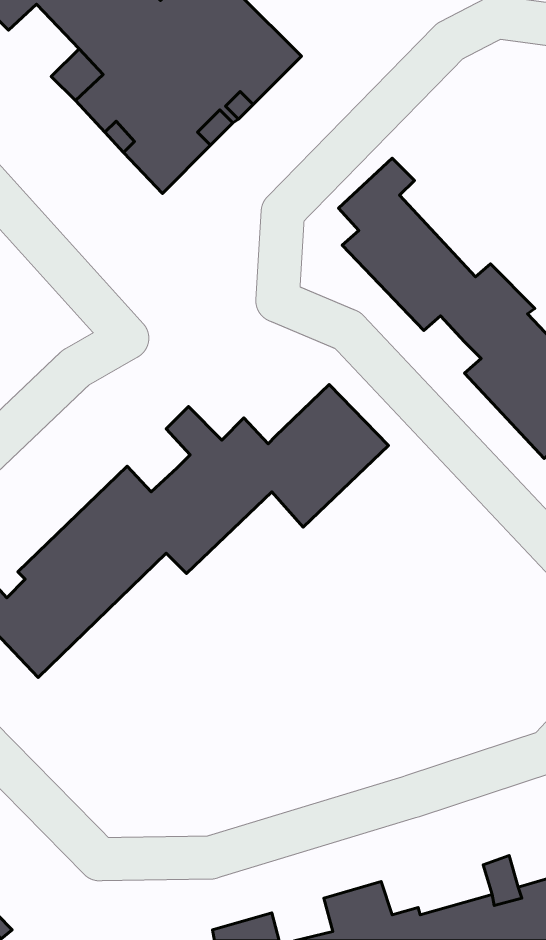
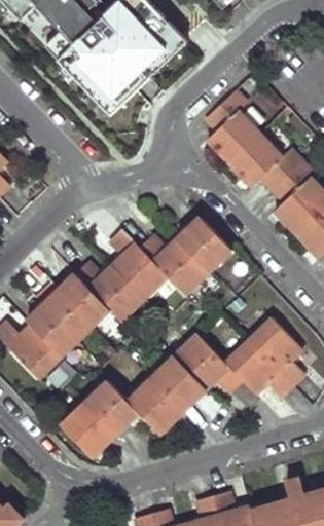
building: none -> [60,318,304,457]

